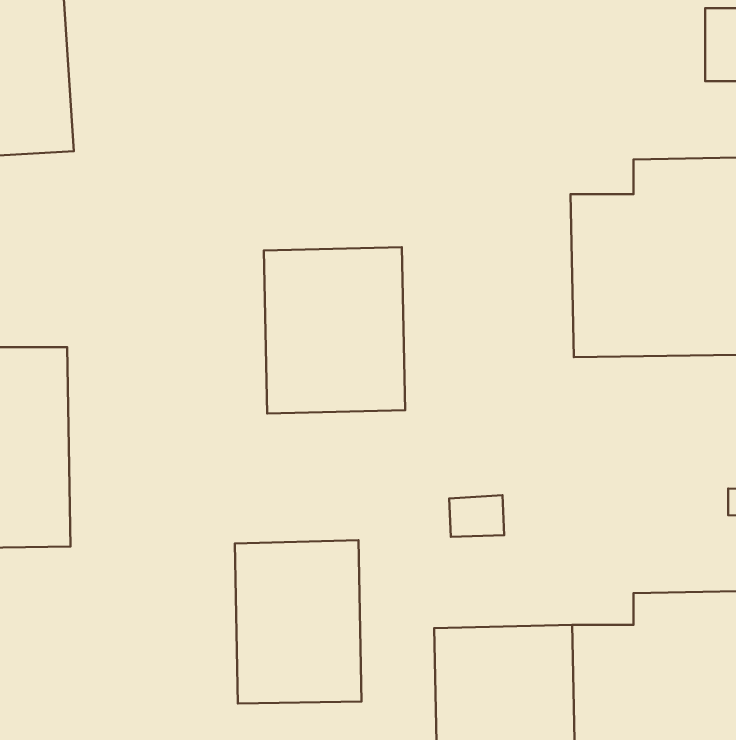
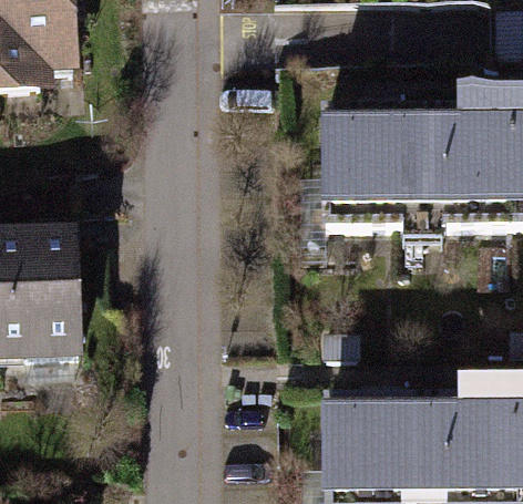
building: [264,247,405,414] -> [317,130,411,240]
building: [235,540,362,704] -> none

